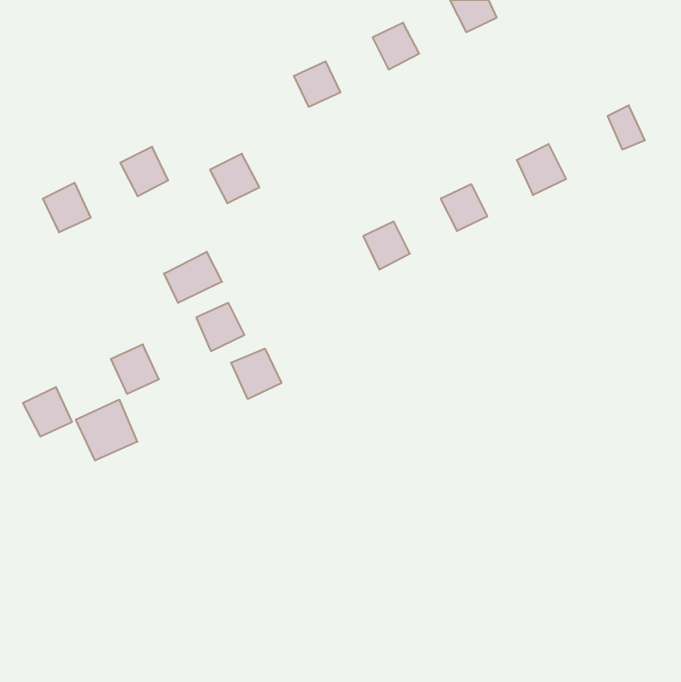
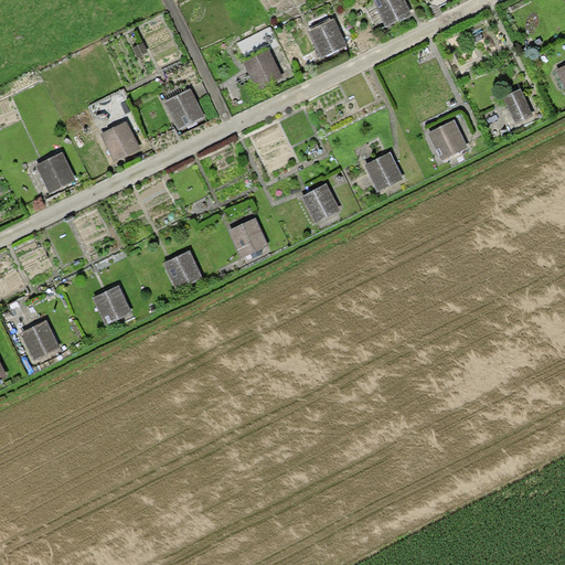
building: [210,154,259,203] -> [163,88,204,129]
building: [164,252,222,303] -> none
building: none -> [227,217,268,257]
building: [231,349,281,399] -> none
building: [76,400,137,461] -> none

